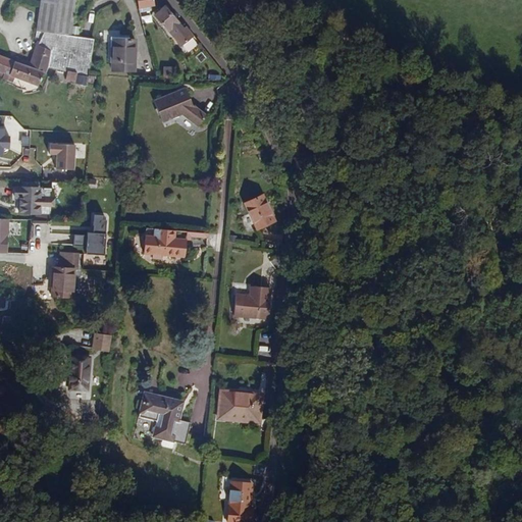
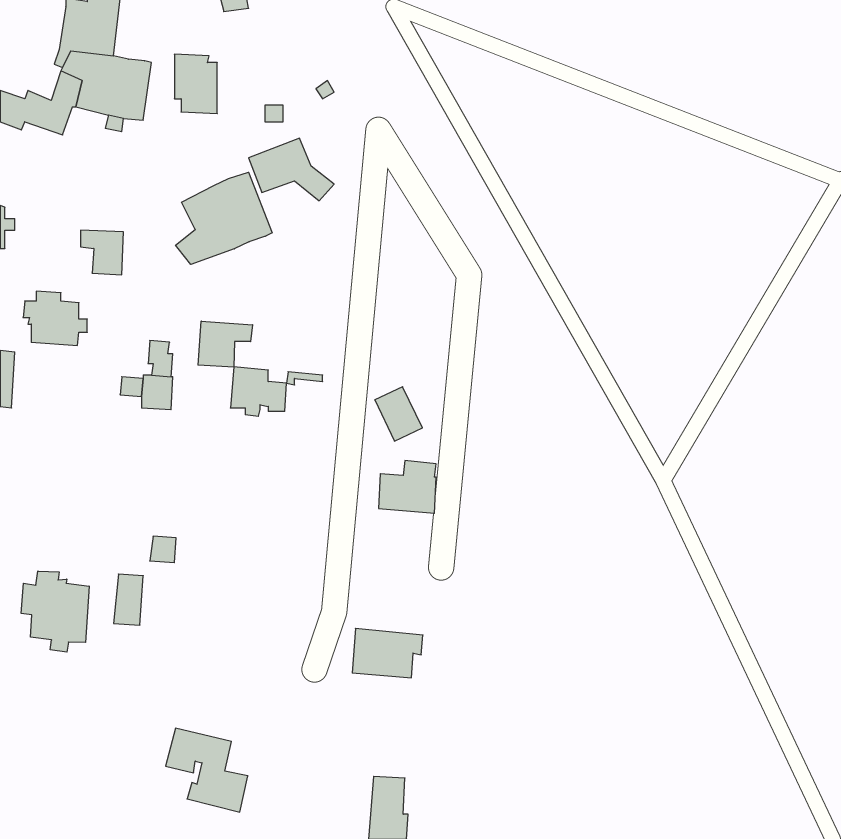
building: [154,5,193,46] -> none
building: none -> [176,172,272,264]
building: [245,195,274,228] -> [375,387,422,441]
building: none -> [198,321,253,367]
building: [52,252,80,295] -> none
building: none -> [21,571,89,652]
building: [139,392,190,443] -> [166,728,248,812]

